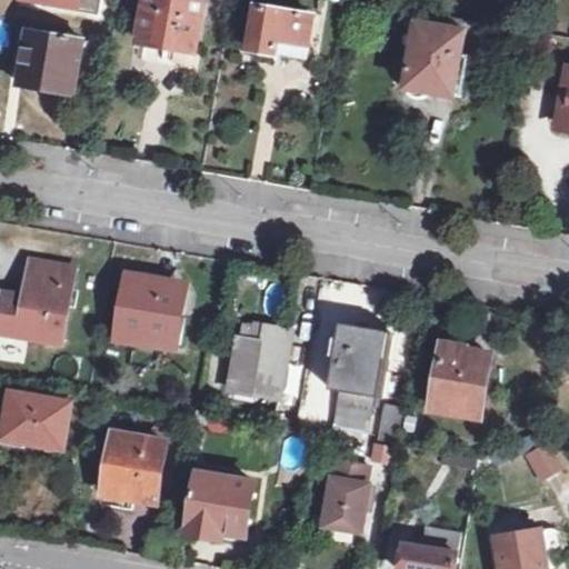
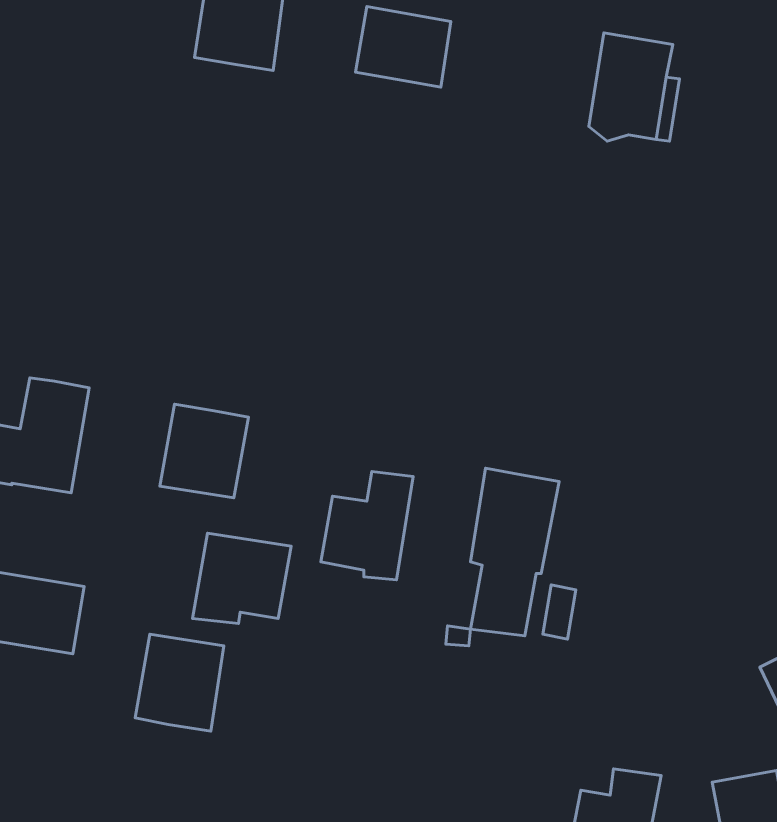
building: [20,32,83,96] -> none
building: [429,339,485,407] -> none
building: [321,459,367,528] -> none
building: [184,472,251,533] -> [193,533,291,624]

